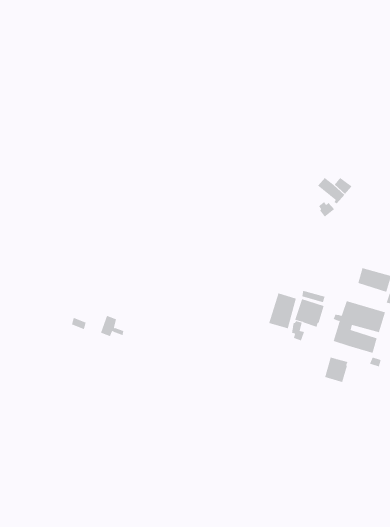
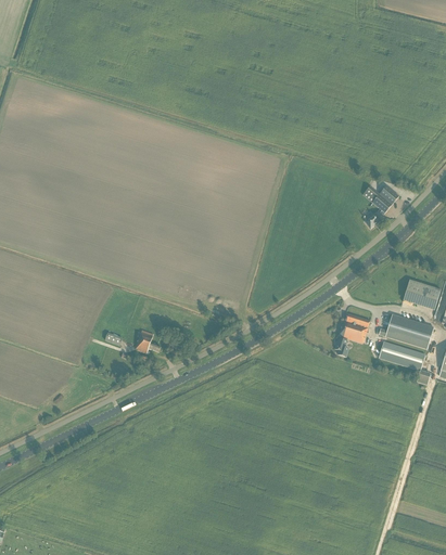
building: [268,292,297,329] -> none
building: [325,356,348,383] -> none

